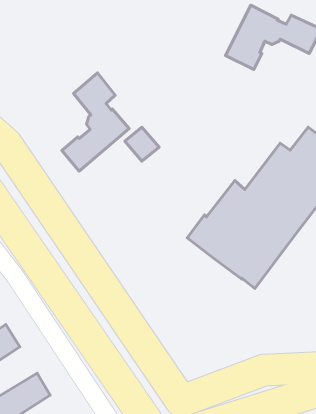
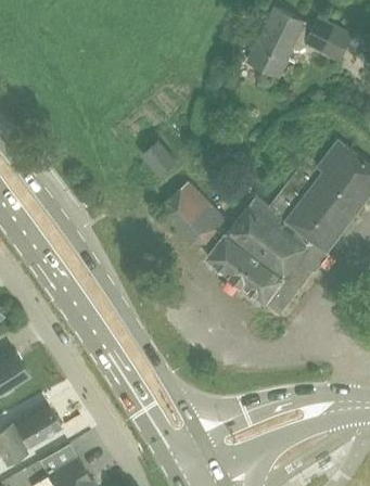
building: [62,73,129,171] -> none
building: none -> [166,181,226,243]

